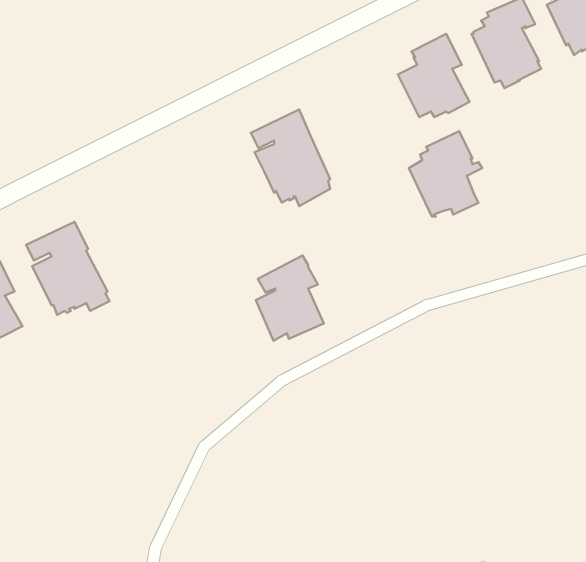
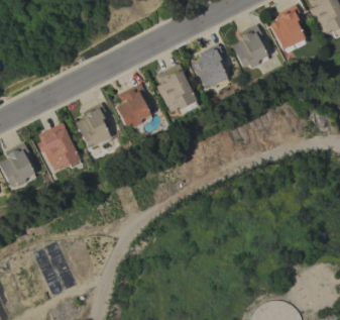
building: [409,131,482,216] -> [192,44,230,89]
building: none -> [75,103,110,147]
building: [256,256,324,341] -> [116,83,151,127]

